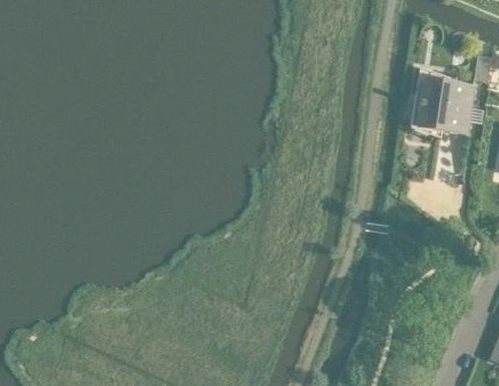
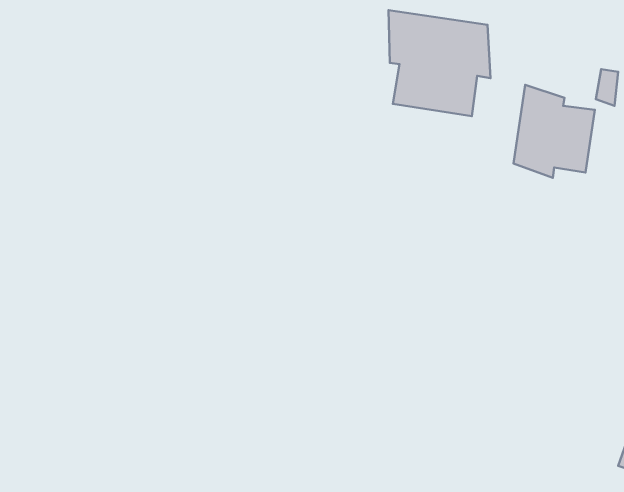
building: none -> [389,10,490,116]

